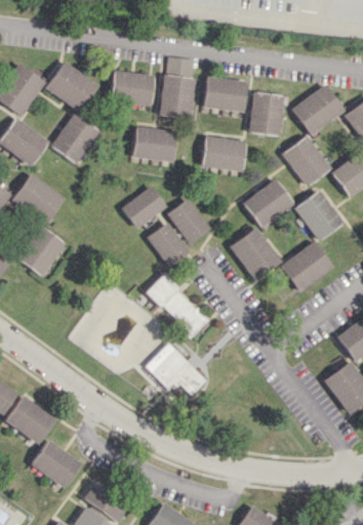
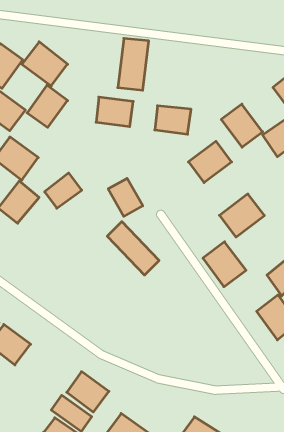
building: [111,70,155,106] -> none
building: [203,76,247,112] -> none
building: [292,84,345,134] -> none
building: [248,91,284,135] -> none
building: [123,186,167,228] -> [45,173,82,208]
building: [294,190,342,240] -> none
building: [168,198,210,243] -> none
building: [230,227,281,280] -> [203,242,246,287]
building: [145,344,205,396] -> none
building: [31,440,81,488] -> [67,372,109,412]

